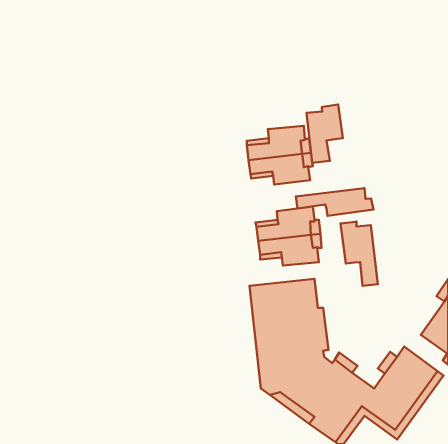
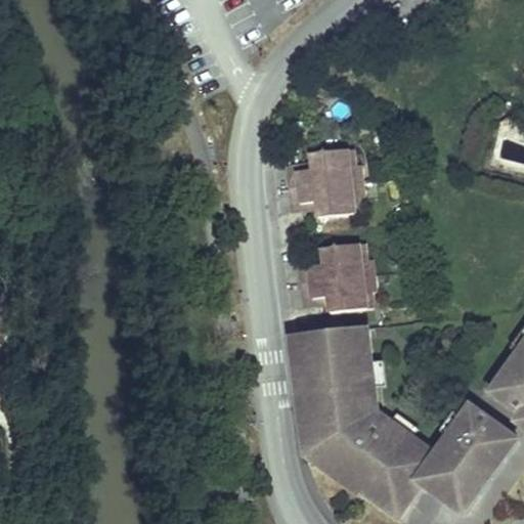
building: [307,105,343,163] -> none
building: [296,188,373,216] -> none
building: [340,222,378,286] -> none

